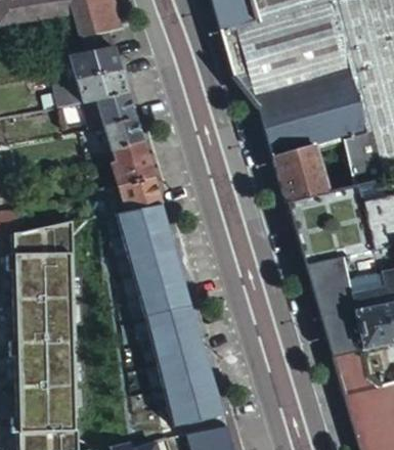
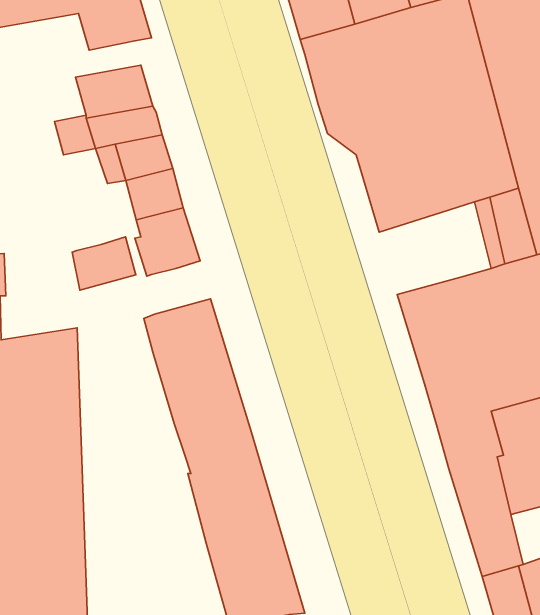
building: [276,146,331,201] -> none
building: [120,179,163,215] -> [72,237,136,290]

